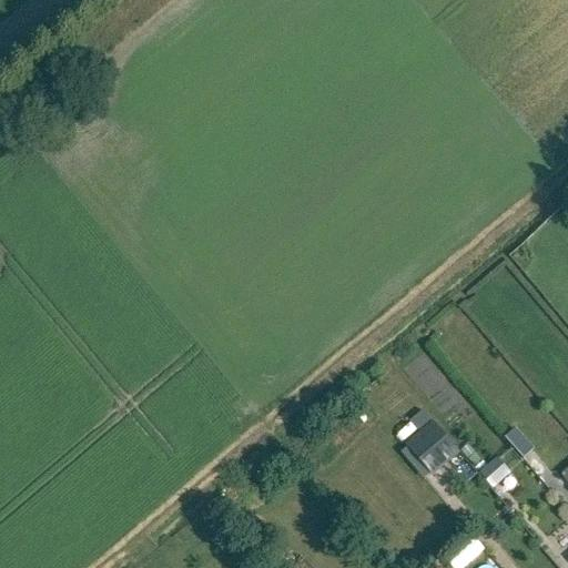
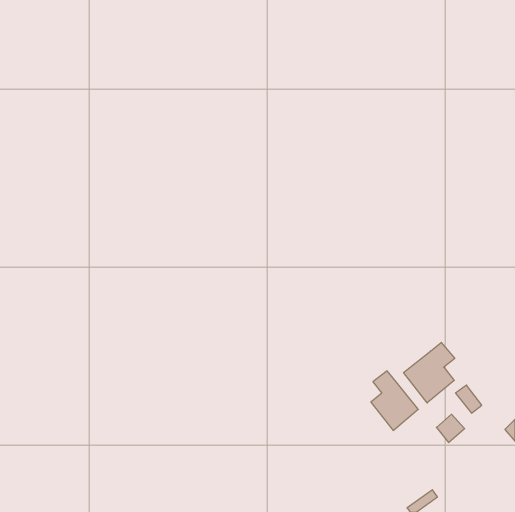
building: none -> [404,342,455,403]

